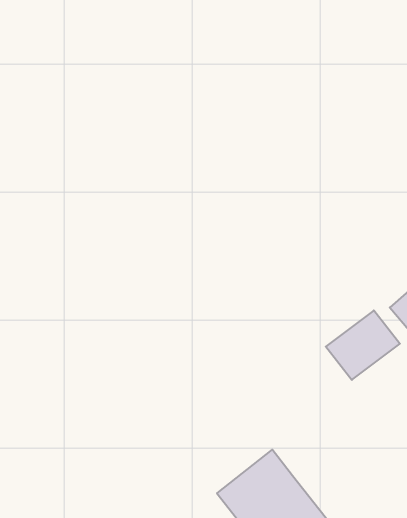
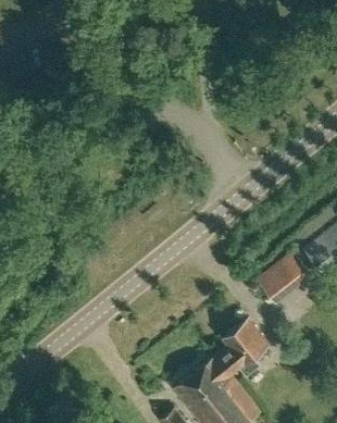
building: none -> [213,319,266,378]

